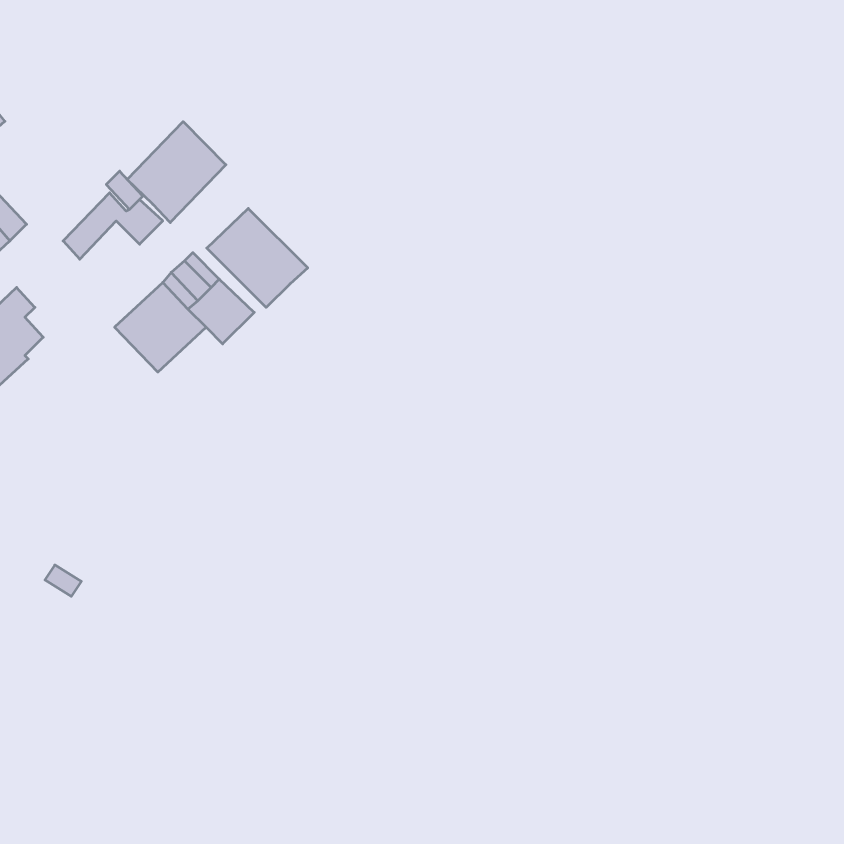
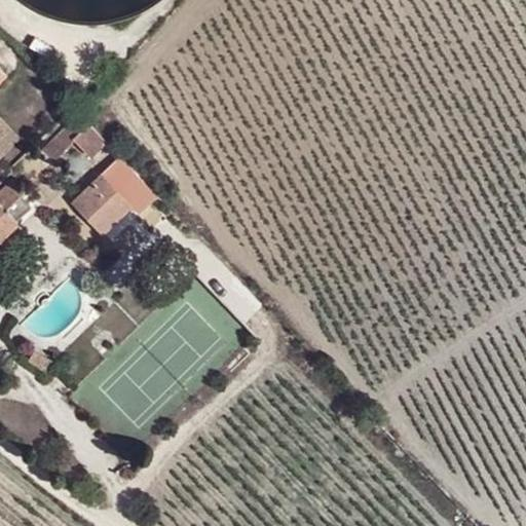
building: [127,122,226,223] -> none
building: [207,208,308,307] -> none

